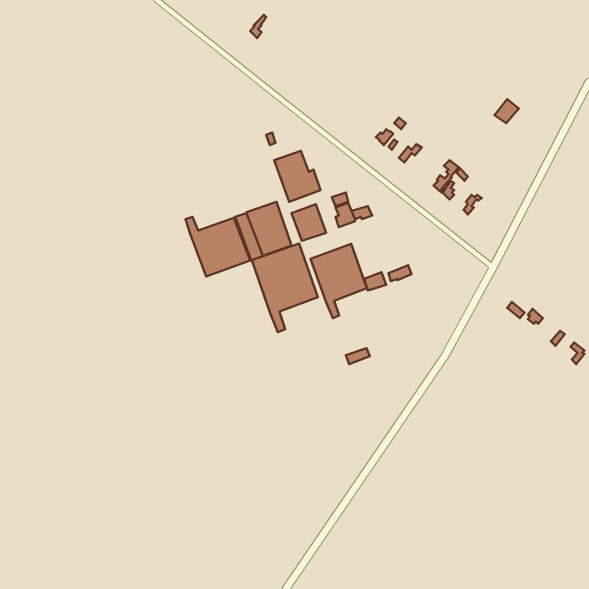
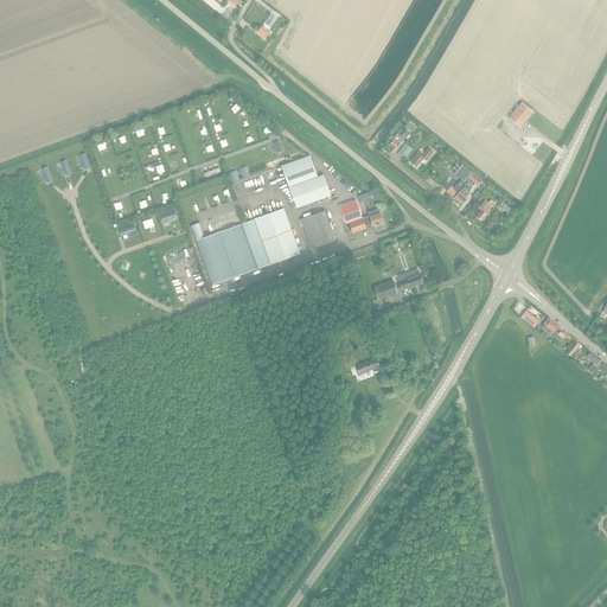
building: [252,243,318,332] -> none
building: [311,244,367,318] -> none

